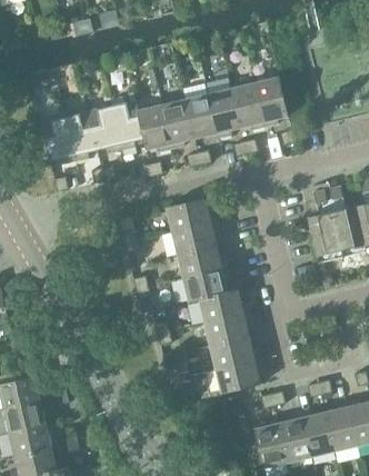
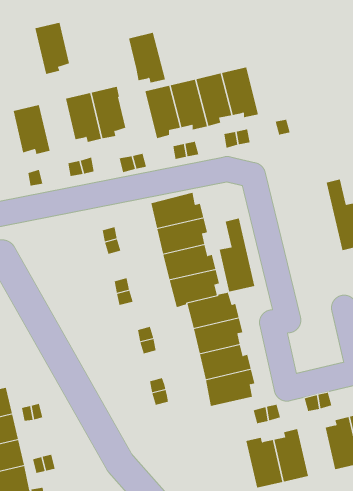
building: [252,78,286,127] -> none
building: [136,106,170,152] -> [128,32,166,83]
building: [63,112,96,160] -> [34,22,70,74]
building: [306,189,339,257] -> [219,218,255,292]
building: [299,410,332,457] -> none

